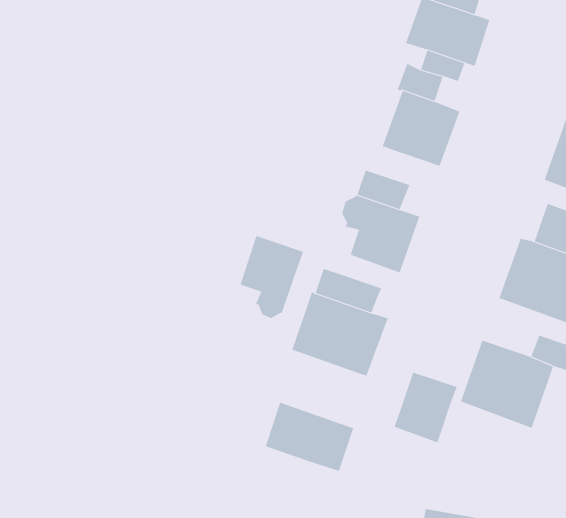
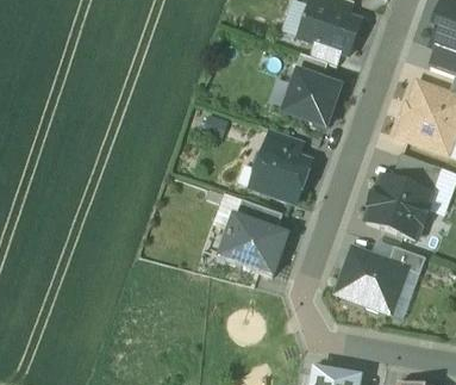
building: [240,235,304,319] -> none
building: [394,372,458,443] -> none
building: [264,402,354,472] -> none

